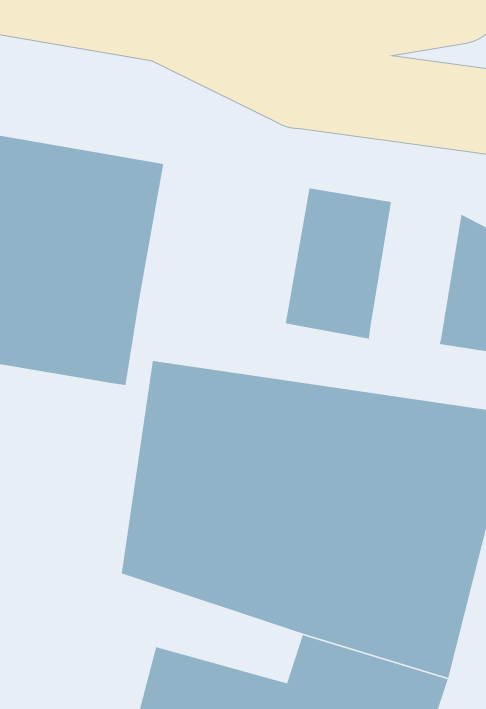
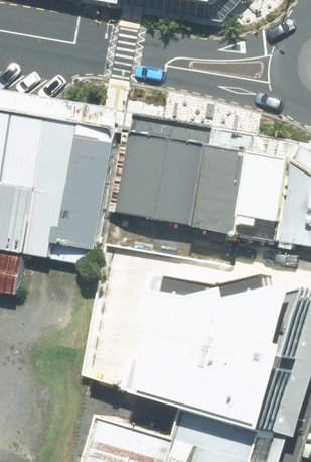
building: none -> [99,132,197,226]
building: none -> [234,154,286,235]

